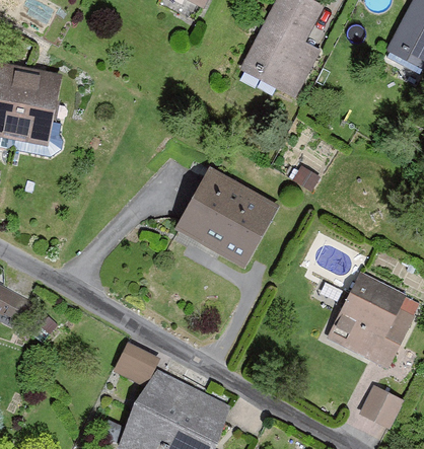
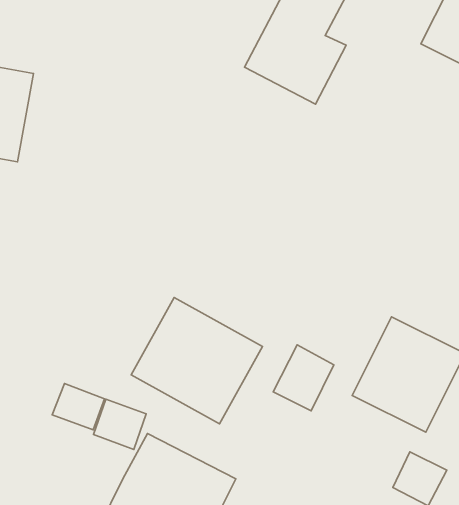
building: [170,166,279,271] -> [131,297,262,424]
building: none -> [273,345,334,411]
building: none -> [52,383,105,430]

